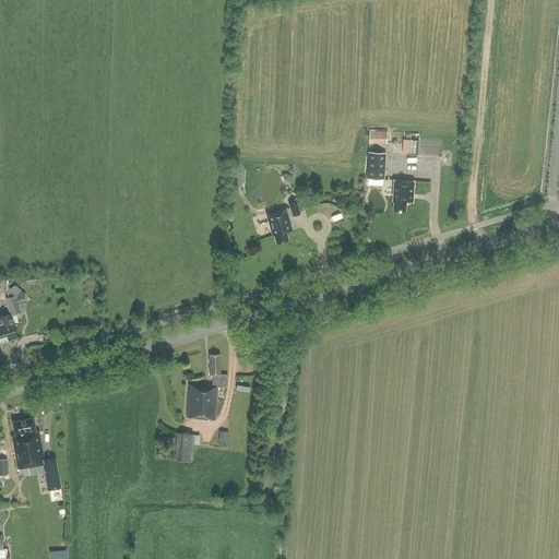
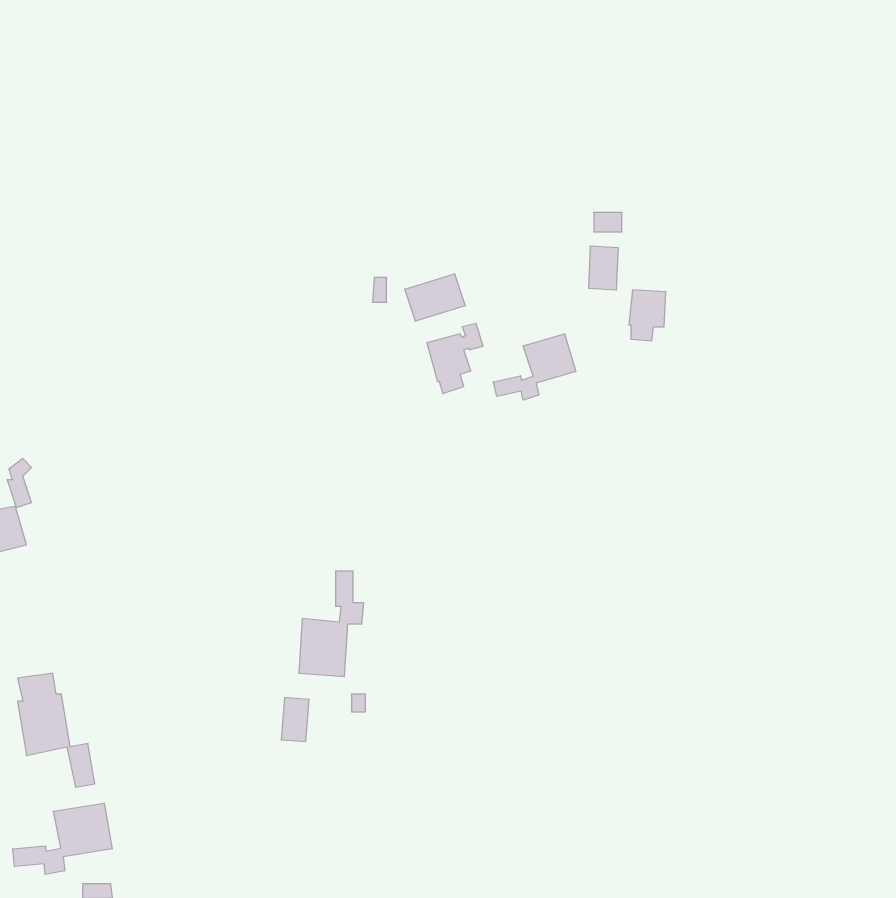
building: none -> [405,274,465,321]
building: none -> [493,334,576,400]
building: none -> [13,803,112,874]

